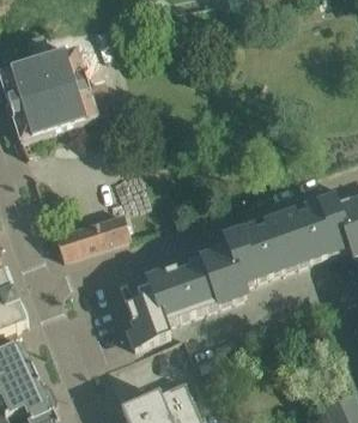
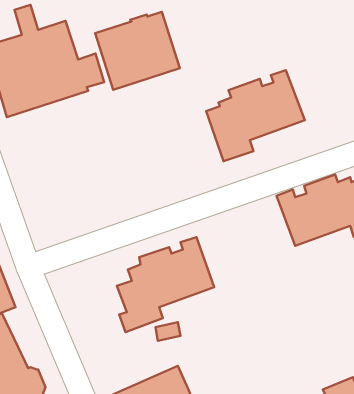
building: none -> [95,12,180,90]
building: [54,213,129,259] -> none
building: [201,217,296,304] -> [206,70,305,161]

